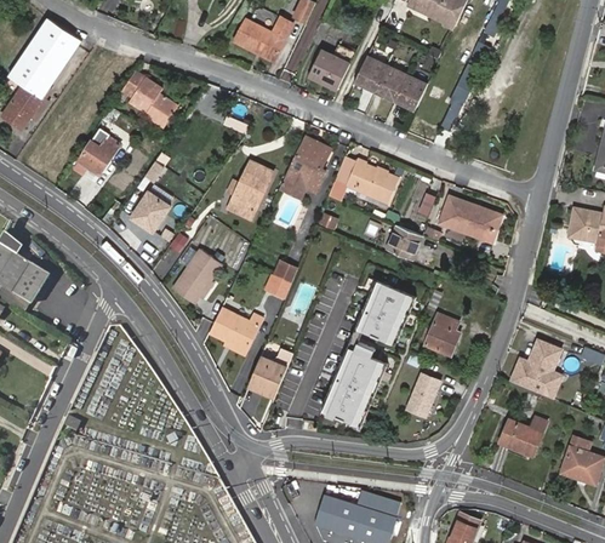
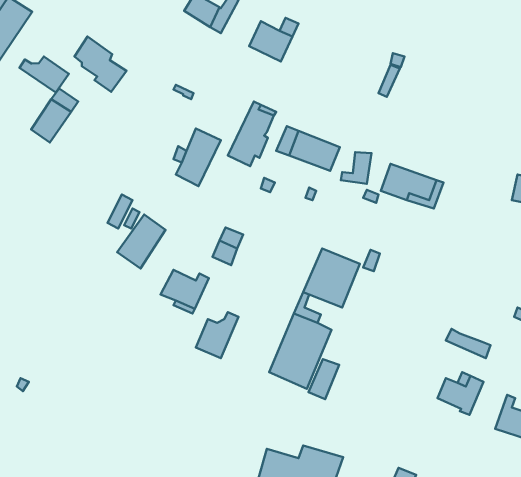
building: [353,52,426,108] -> none
building: none -> [19,57,69,93]
building: [131,192,169,233] -> none
building: [386,225,422,258] -> none
building: [423,313,457,356] -> none
building: [520,339,557,381] -> none
building: [407,375,439,416] -> [309,359,339,399]

